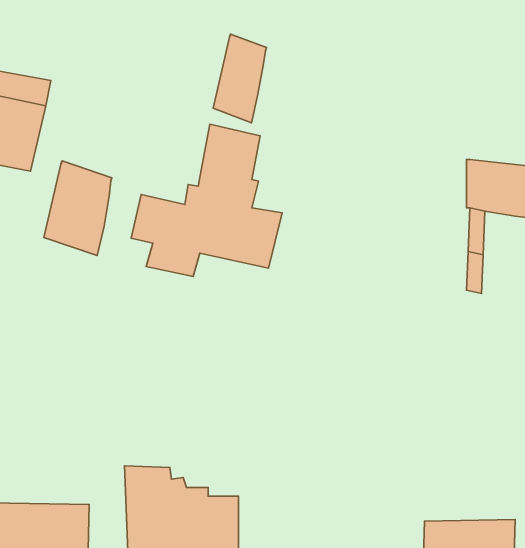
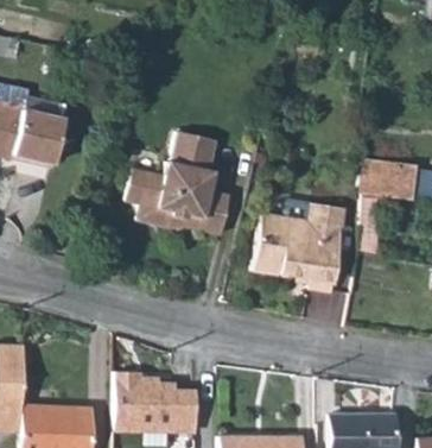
building: [213,34,266,123] -> none
building: [44,161,112,256] -> none
building: none -> [250,207,345,297]

